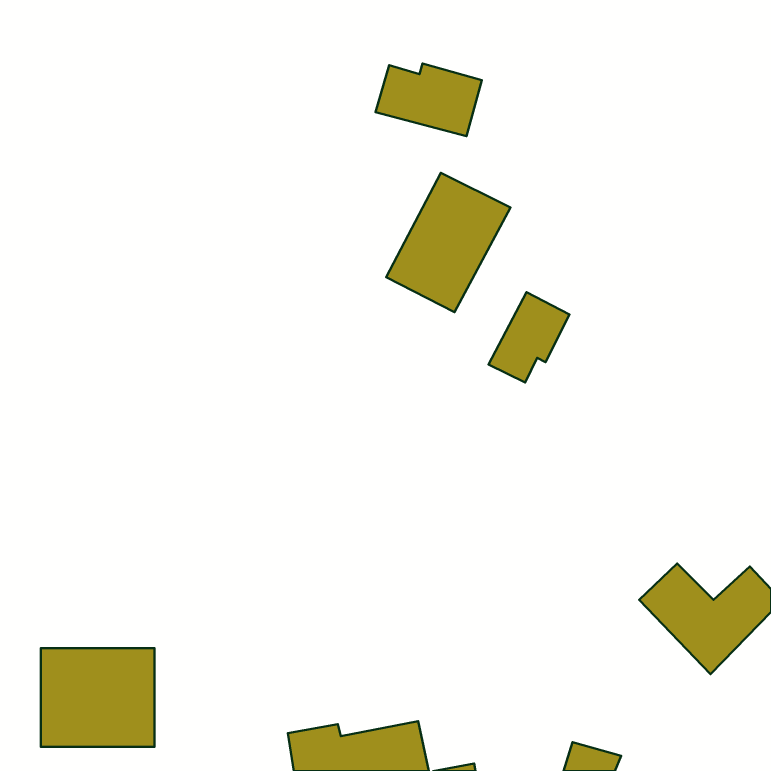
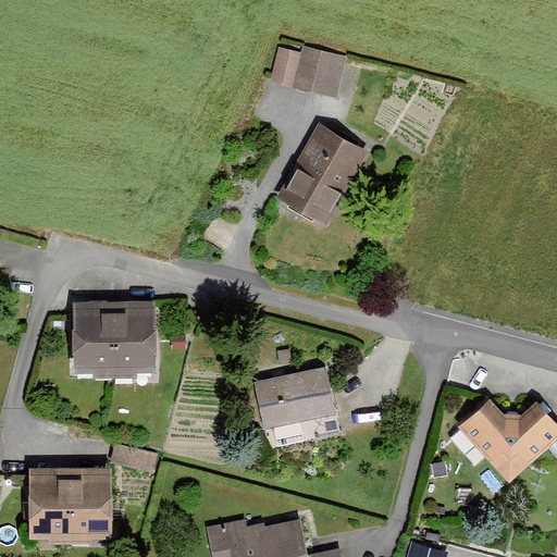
building: [489,292,570,383] -> none
building: none -> [74,297,158,382]
building: none -> [255,367,338,449]

